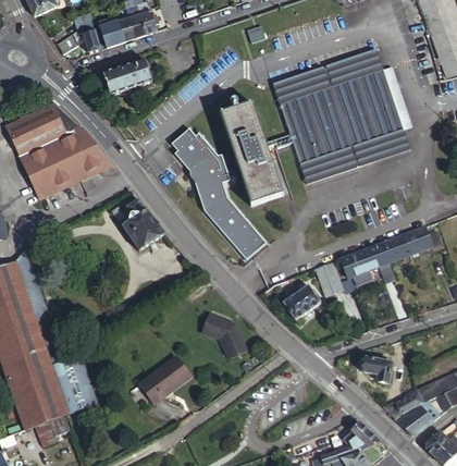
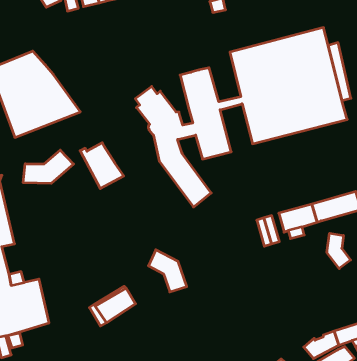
building: [103,59,155,98] -> none
building: none -> [23,150,74,183]
building: none -> [327,233,351,269]
building: [286,285,324,320] -> none
building: [363,358,394,384] -> none

